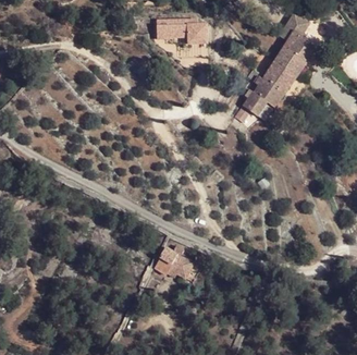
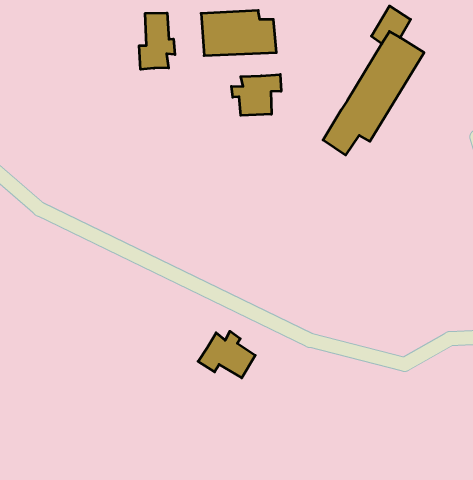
building: none -> [139,13,175,69]
building: none -> [231,74,281,115]

